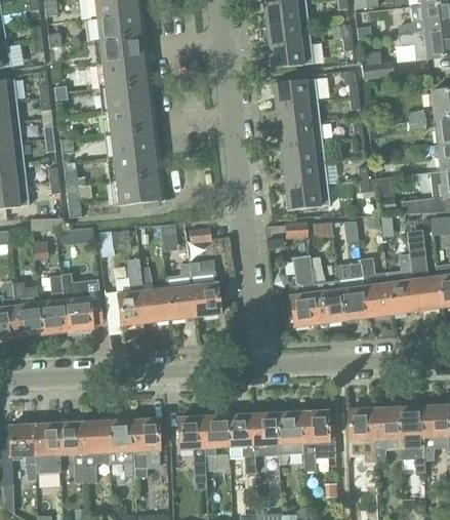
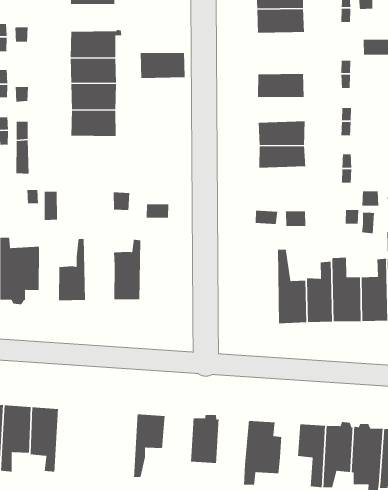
building: [101,56,145,84] -> [140,52,186,79]
building: [272,78,316,104] -> none
building: [277,120,322,147] -> none
building: [115,173,159,204] -> none
building: [285,182,330,210] -> none
building: [289,256,318,327] -> none
building: [188,259,218,316] -> none
building: [137,266,169,322] -> none
building: [275,409,301,465] -> none
building: [227,415,254,474] -> none
building: [176,417,204,475] -> none
building: [131,419,158,478] -> none

